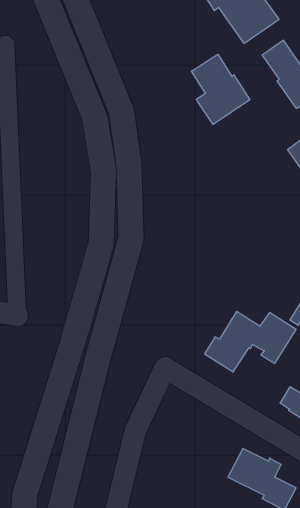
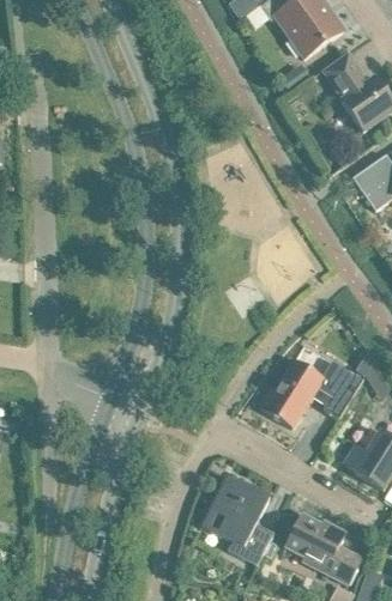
building: [192,54,250,124] -> none
building: none -> [201,475,273,565]

